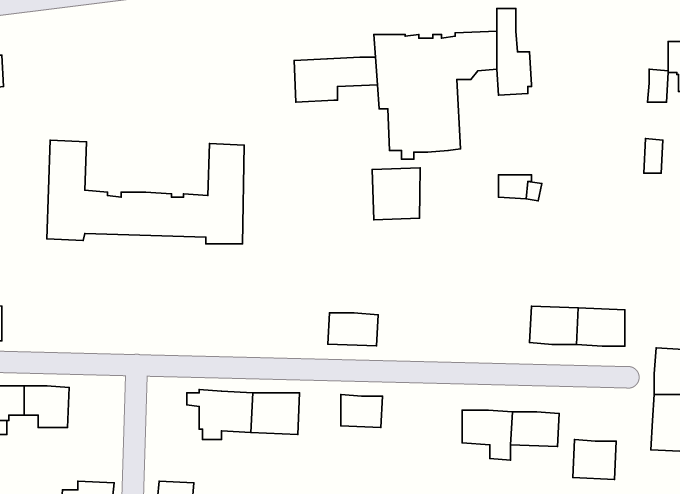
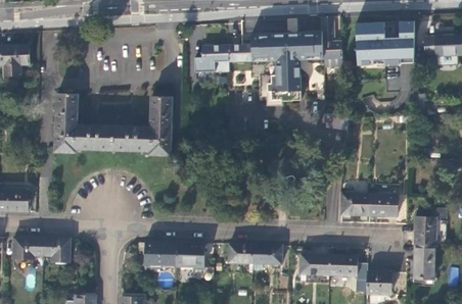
building: none -> [358,23,406,73]
building: [372,168,420,220] -> none
building: [328,313,378,346] -> [252,245,282,264]

